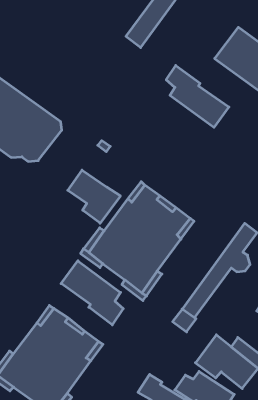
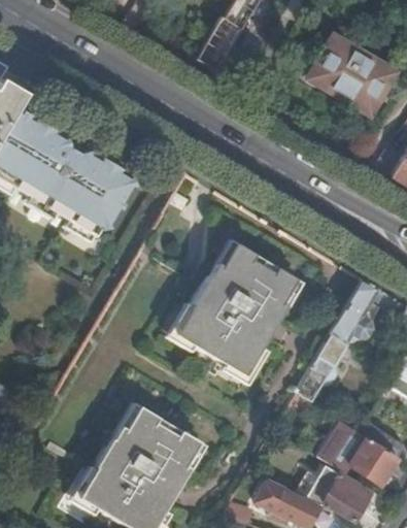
building: [166,65,229,127] -> none
building: [68,170,120,223] -> none
building: [61,261,123,325] -> none

